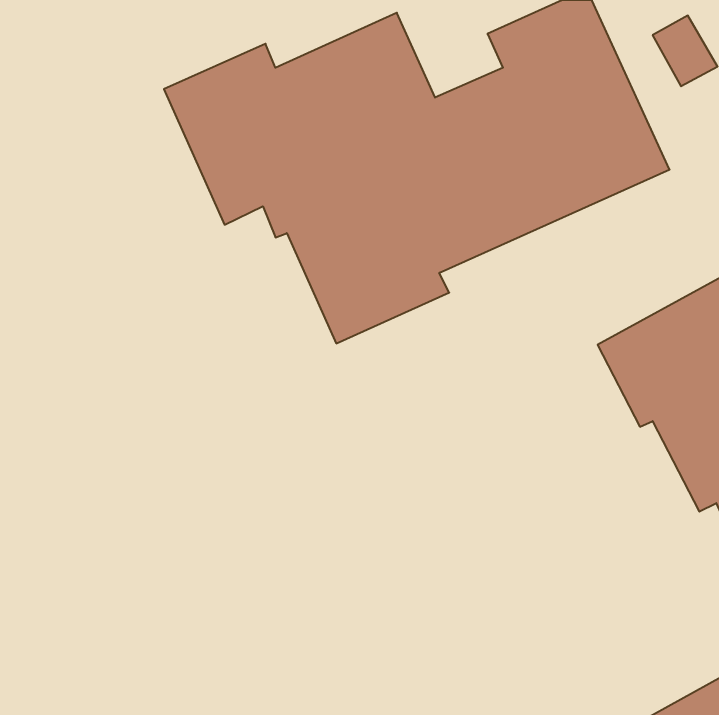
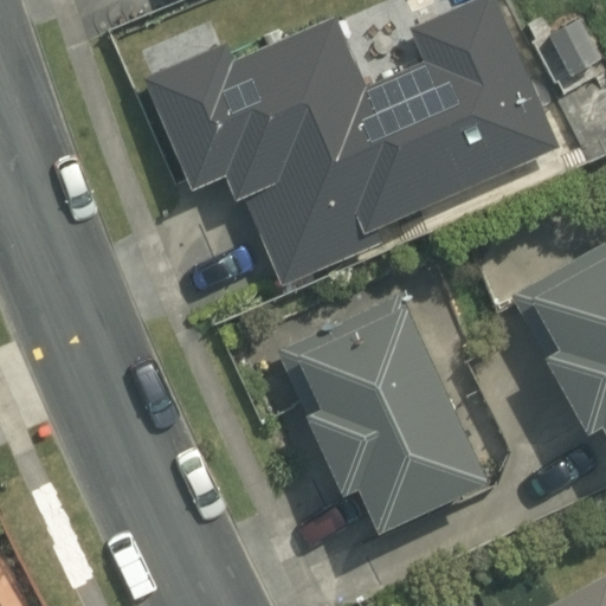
building: none -> [273,296,490,531]

